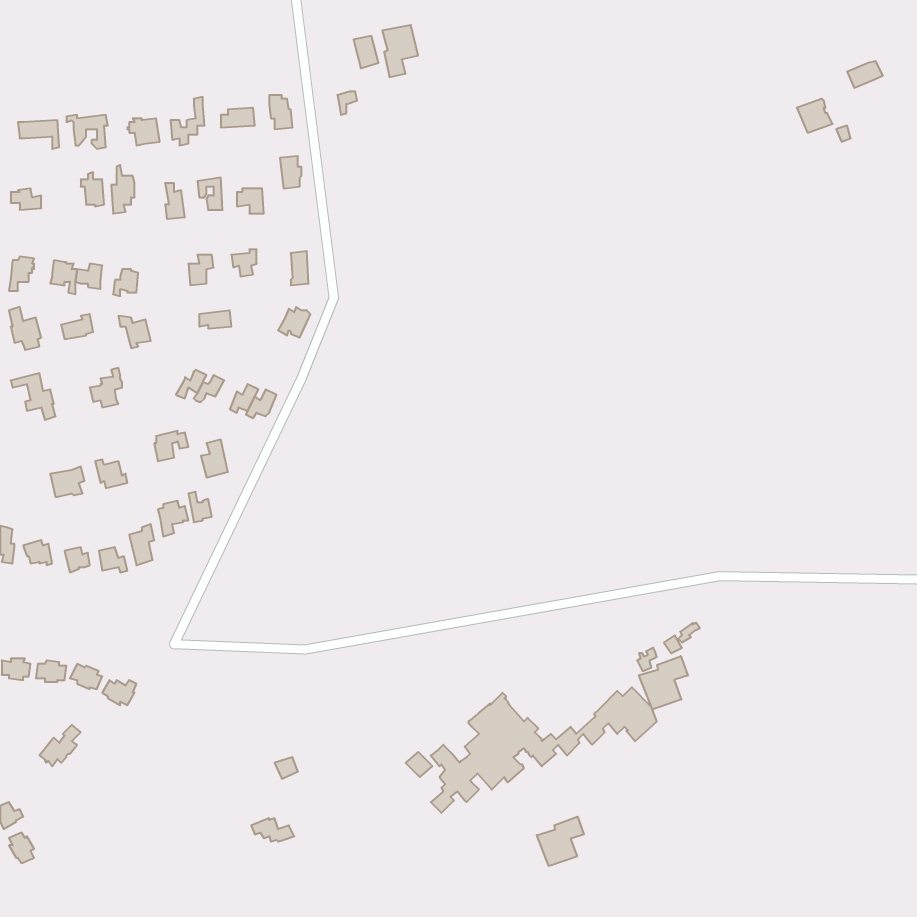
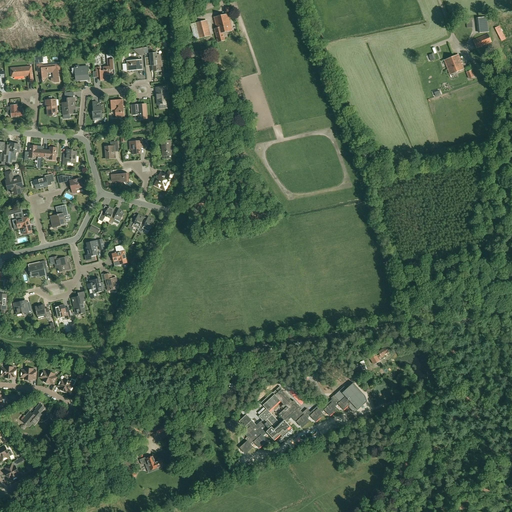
building: [639,656,688,709] -> none
building: [537,817,584,866] -> none

